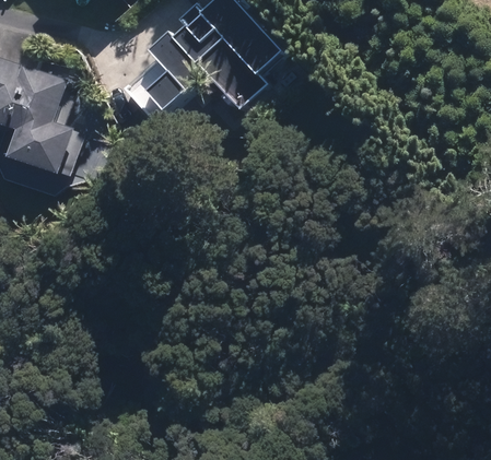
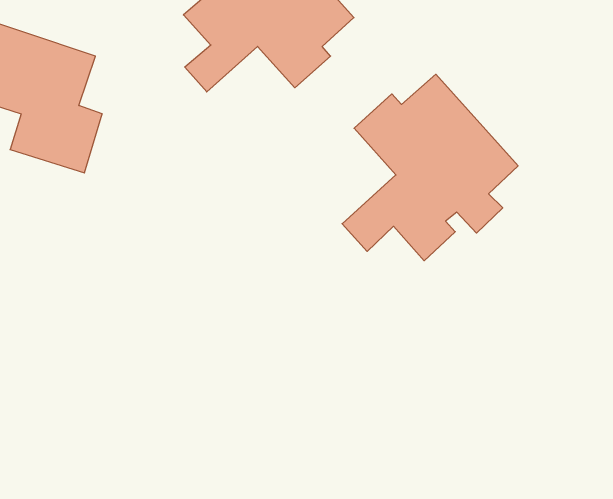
building: none -> [342,74,518,261]

